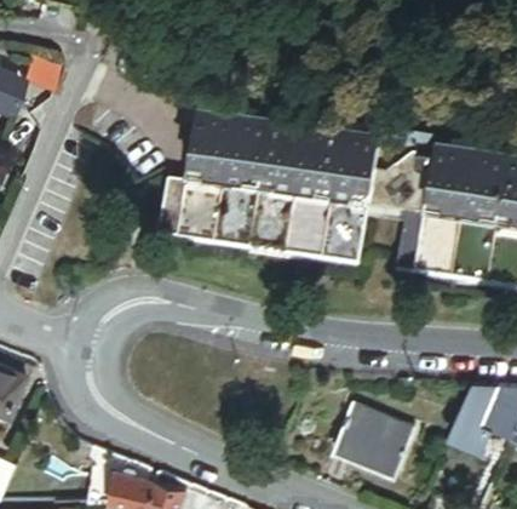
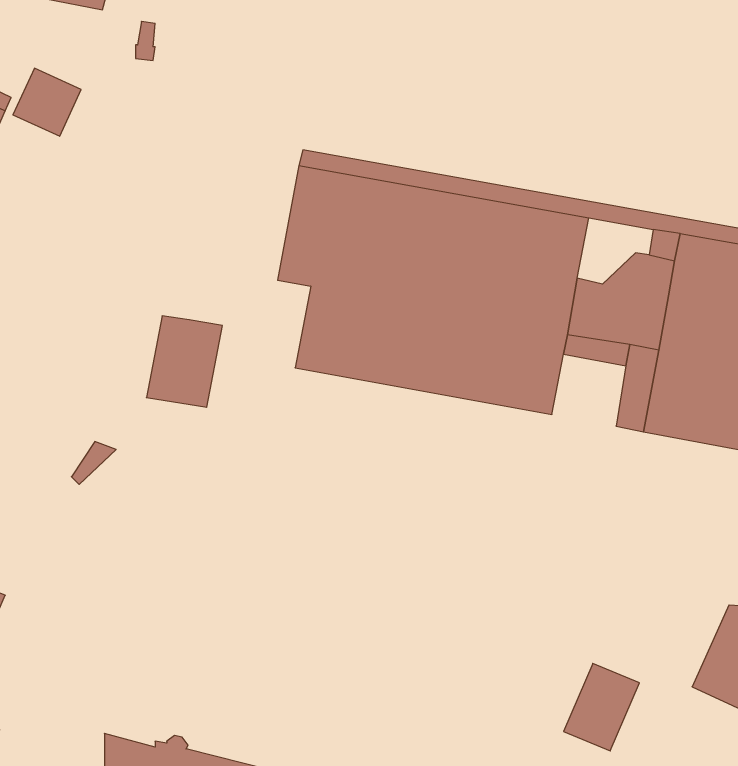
building: [163,181,211,238] -> [146,316,222,407]
building: [335,408,386,464] -> none

